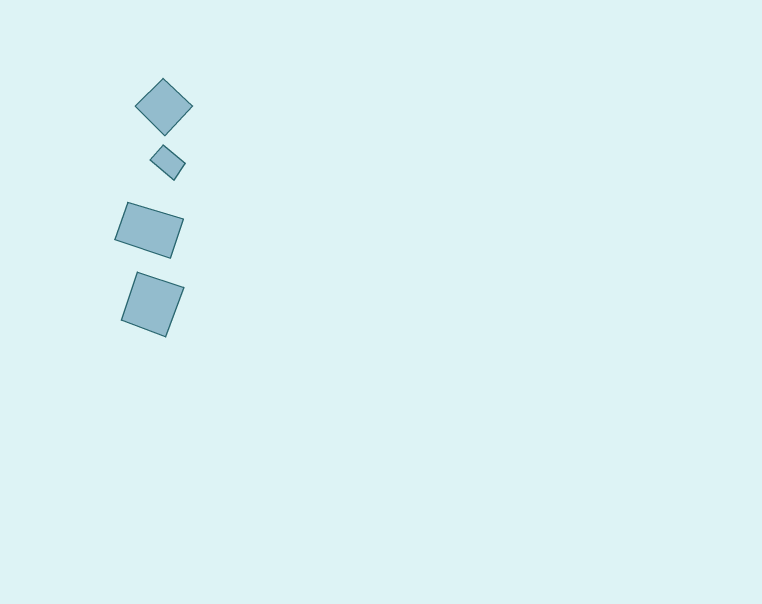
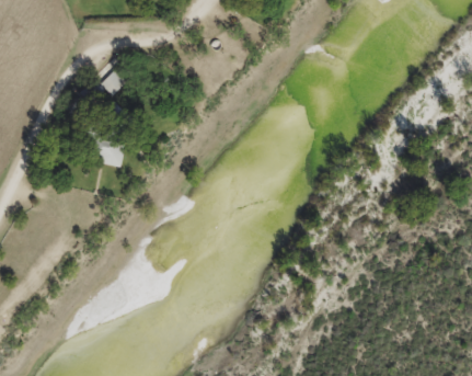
building: [121,272,184,337] -> none

